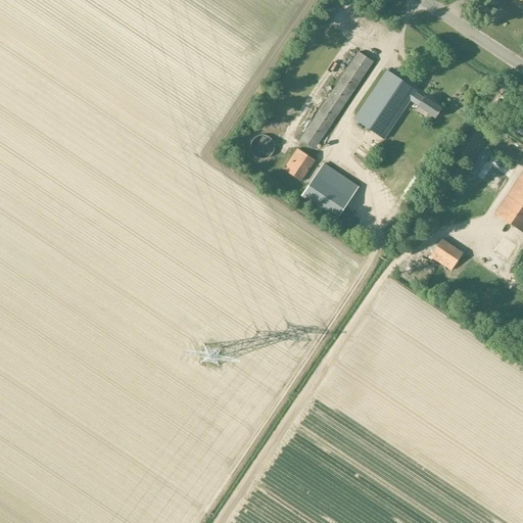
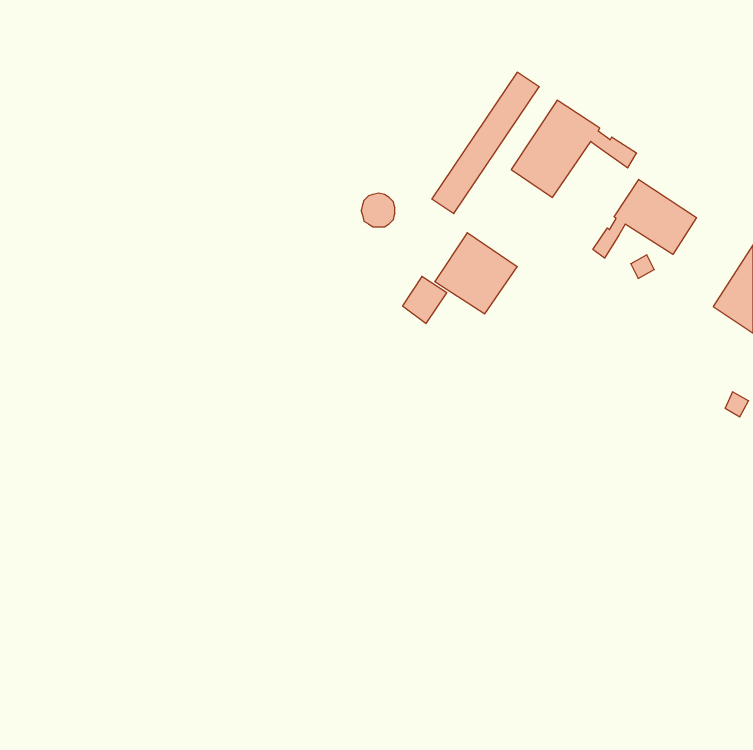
building: none -> [593,179,697,258]
building: [284,147,315,180] -> [403,276,447,324]
building: [430,237,463,269] -> none

